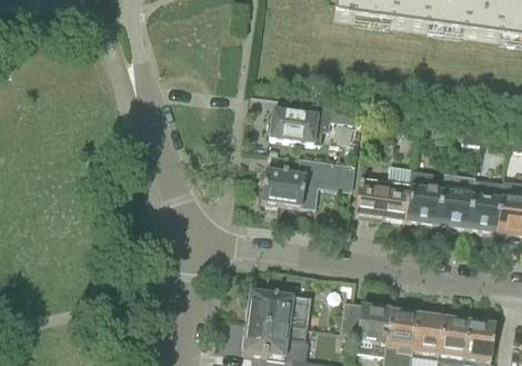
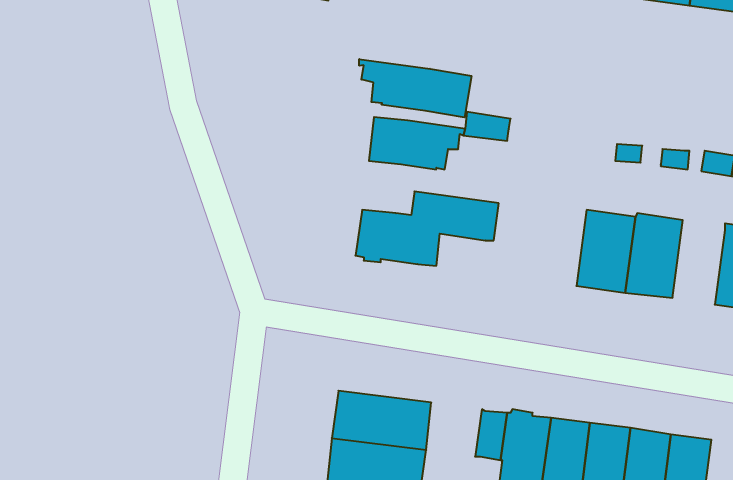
building: none -> [359,59,471,117]
building: [355,166,413,221] -> none
building: [470,180,504,234] -> none

